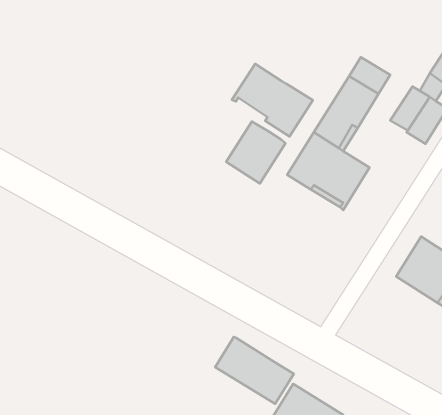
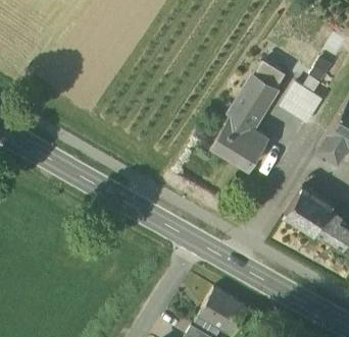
building: [232,64,313,136] -> none
building: [226,121,285,184] -> none
building: [215,337,294,404] -> none

